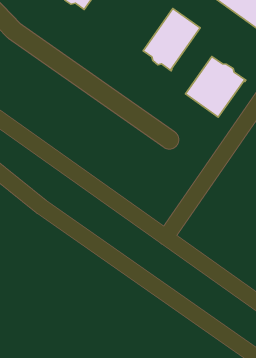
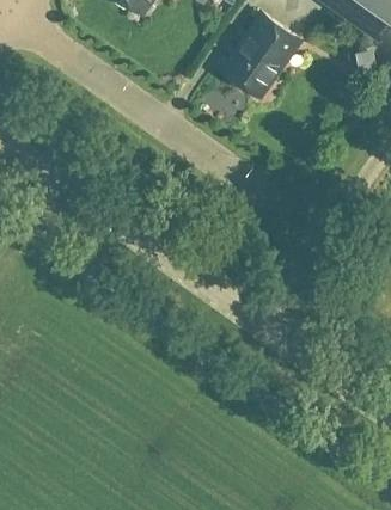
building: [185,56,246,117] -> none

